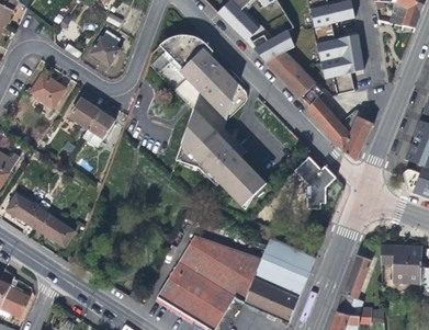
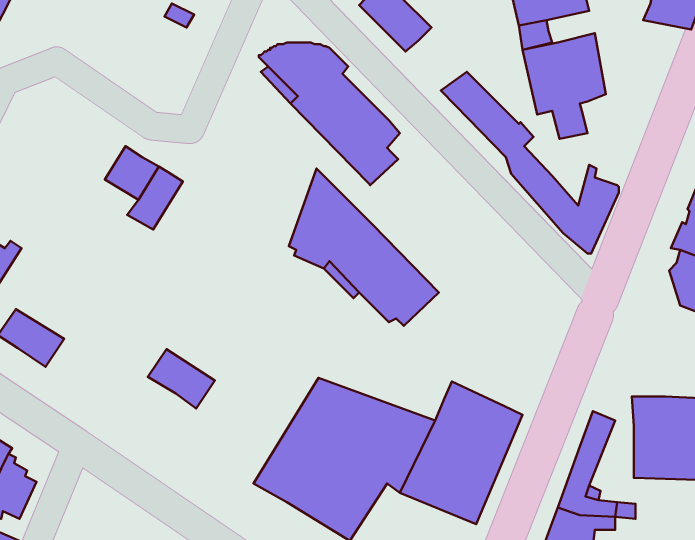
building: [255,29,297,64] -> none
building: [90,30,121,65] -> none
building: [30,72,66,107] -> none
building: [294,156,336,208] -> none
building: [34,210,74,246] -> [148,349,215,408]

